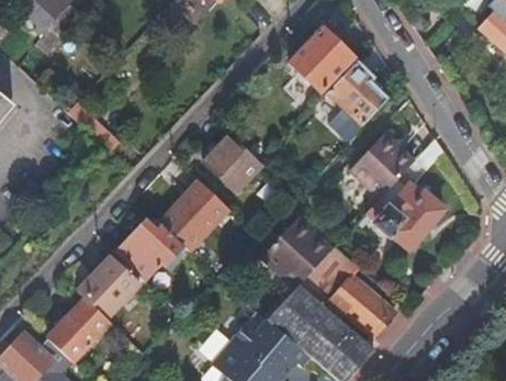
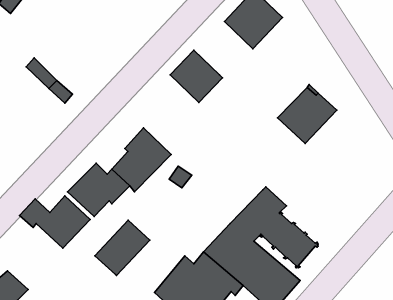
building: [327,60,387,125] -> none
building: [204,134,262,192] -> [170,50,222,102]
building: [367,138,445,249] -> none
building: [261,216,333,287] -> none
building: [48,300,110,361] -> [95,220,150,275]

